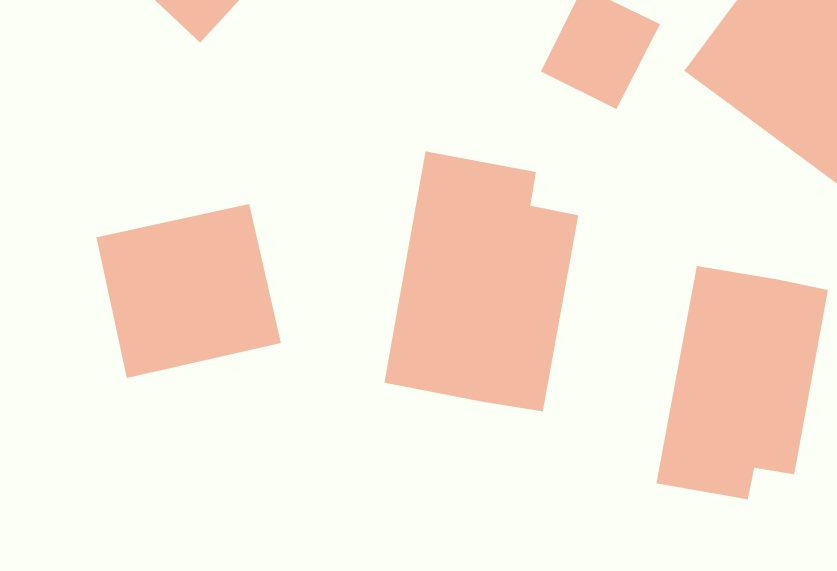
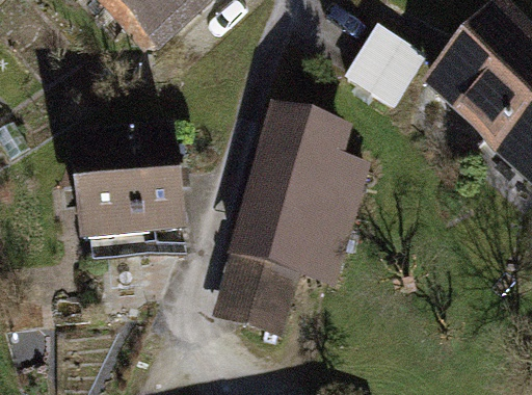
building: [656,265,829,500] -> none
building: none -> [220,254,297,332]

